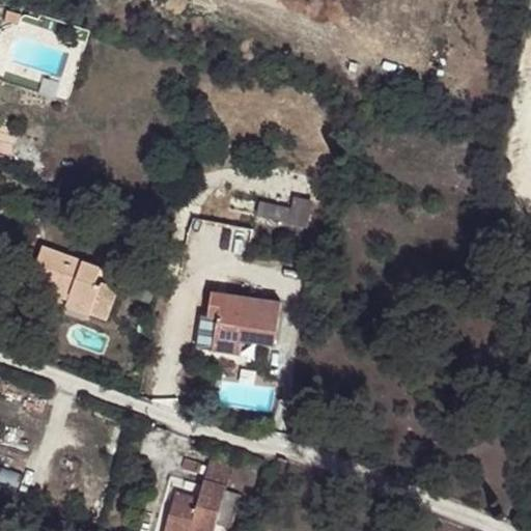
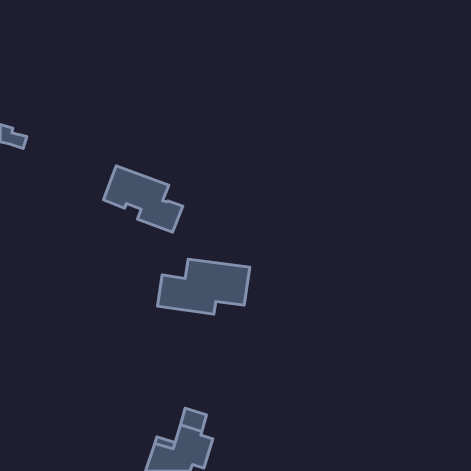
building: [258,199,312,225] -> none
building: [28,245,117,319] -> [103,166,183,232]

